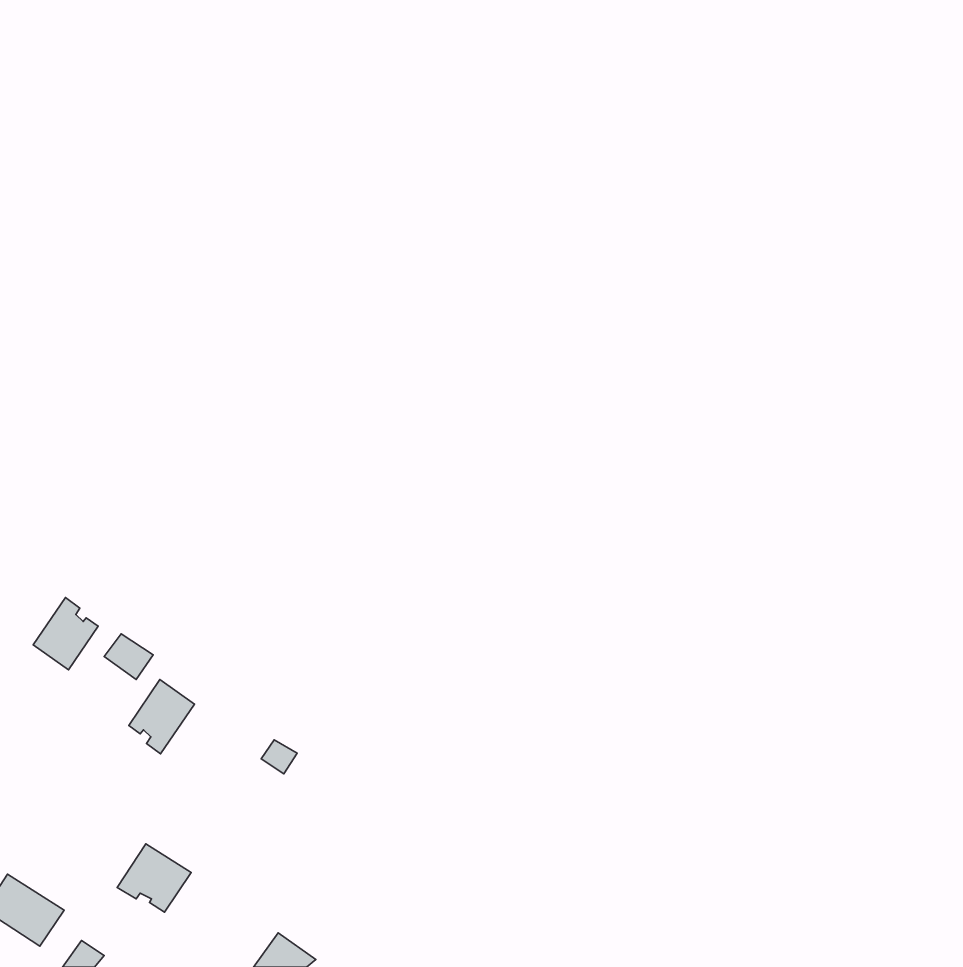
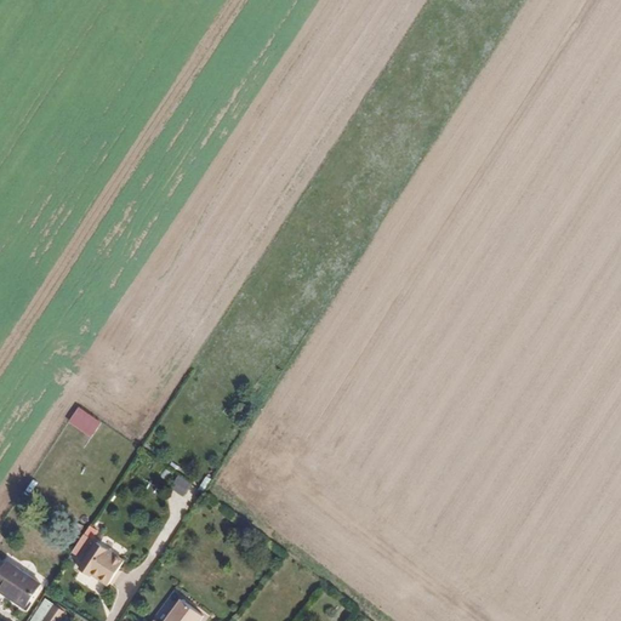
building: [33,597,98,670] -> none
building: [129,680,195,754] -> none

